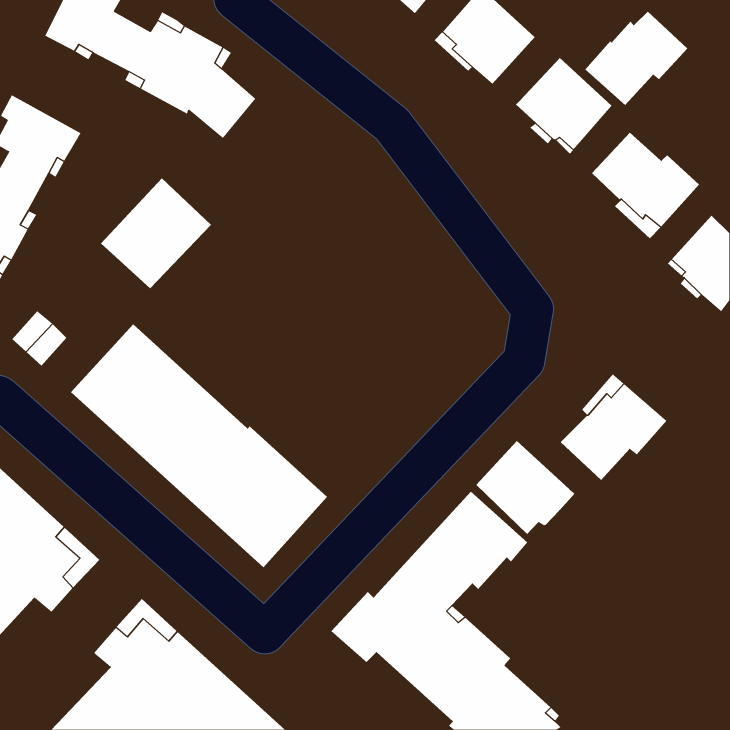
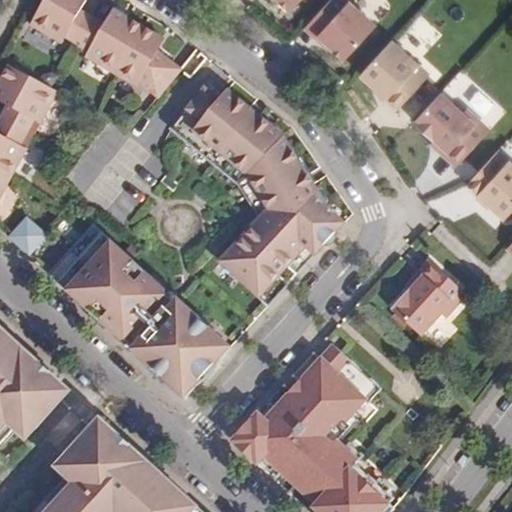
building: [585,11,688,106] -> none
building: none -> [169,87,343,305]
building: [475,440,575,535] -> none

